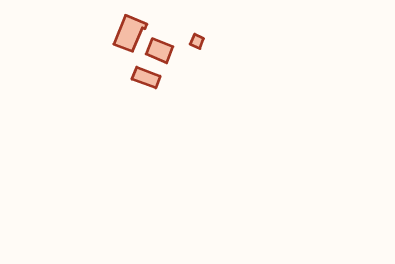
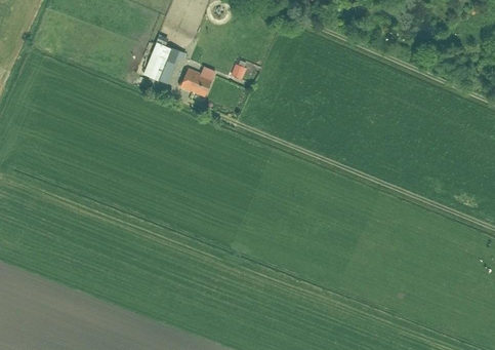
building: [132,67,160,88] -> none

